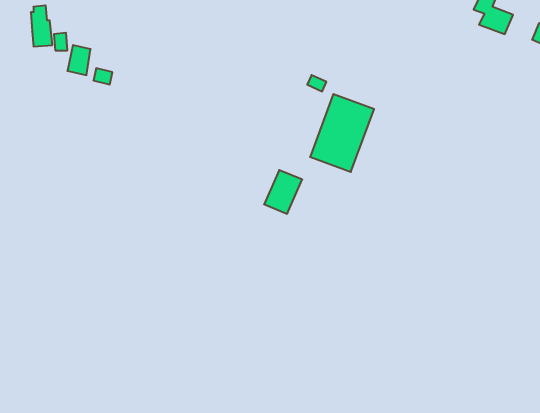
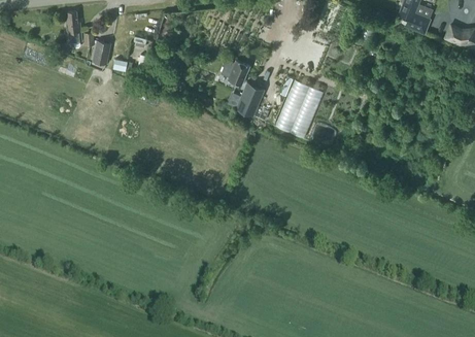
building: none -> [220,60,248,85]
building: [264,170,302,214] -> [235,82,264,115]

